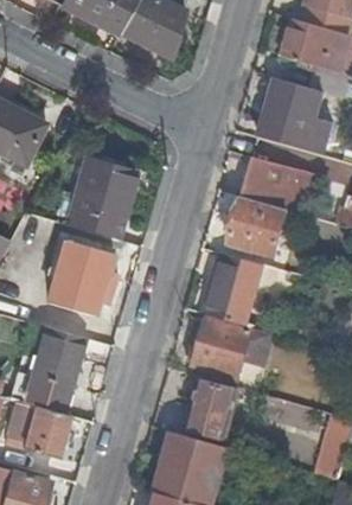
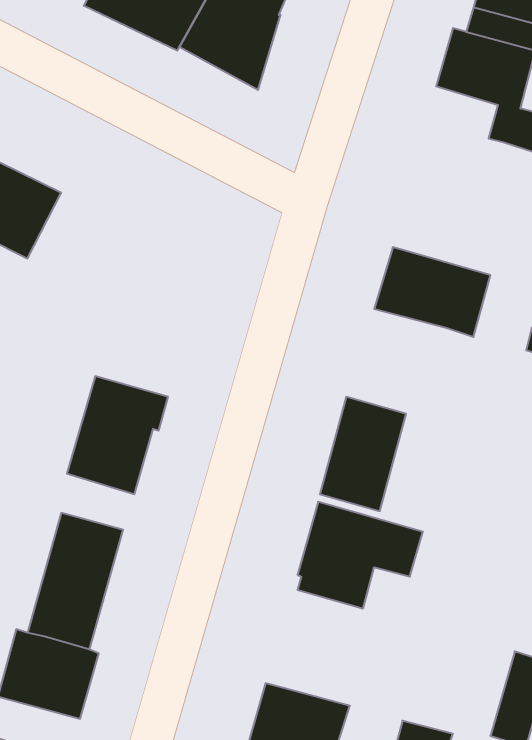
building: [260,78,333,155] -> none
building: [66,158,134,238] -> none
building: [229,197,288,255] -> none
building: [187,381,238,437] -> none

